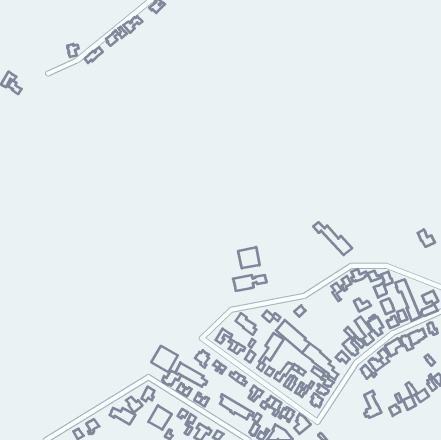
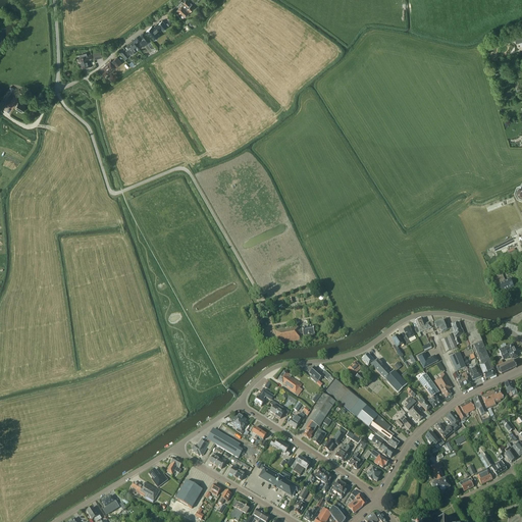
building: [313,222,352,255] -> [362,354,408,393]
building: [238,247,259,268] -> none
building: [151,346,178,372] -> none

